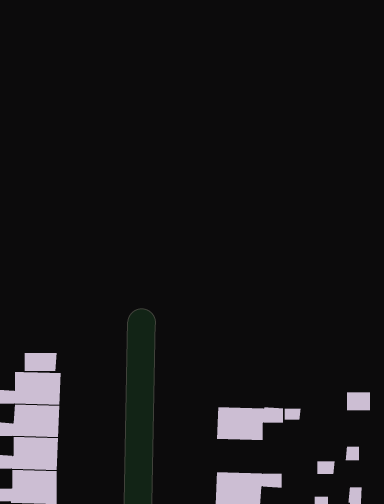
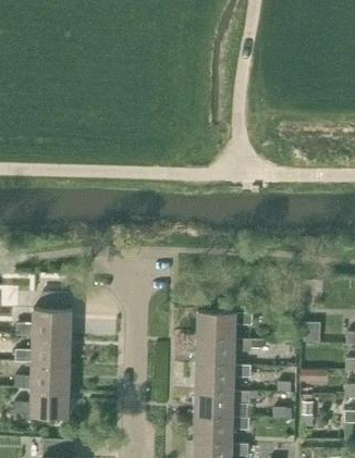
building: none -> [197,311,252,339]
building: none -> [196,364,250,392]

